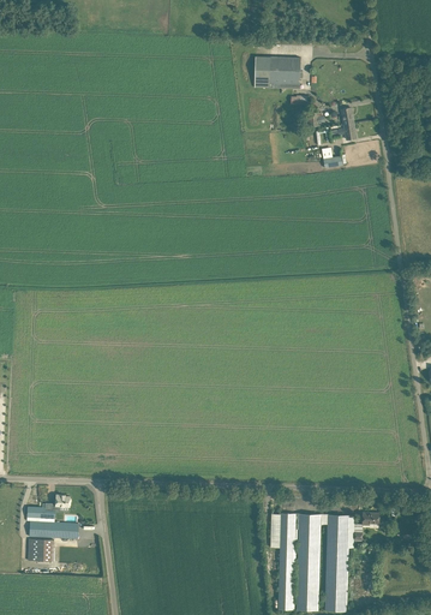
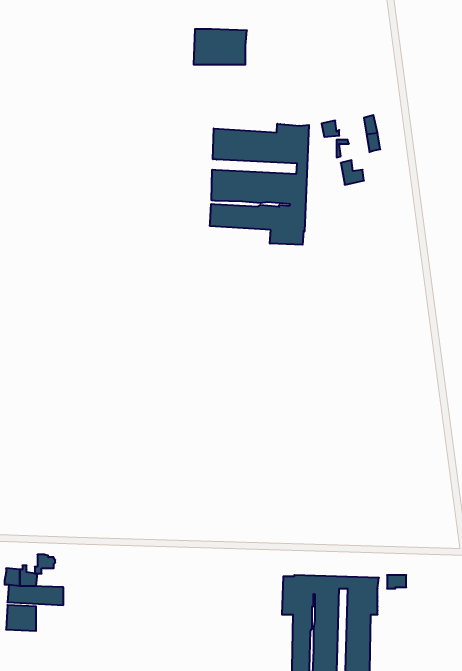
building: [253,56,300,88] -> [194,29,247,65]
building: none -> [210,124,309,245]

